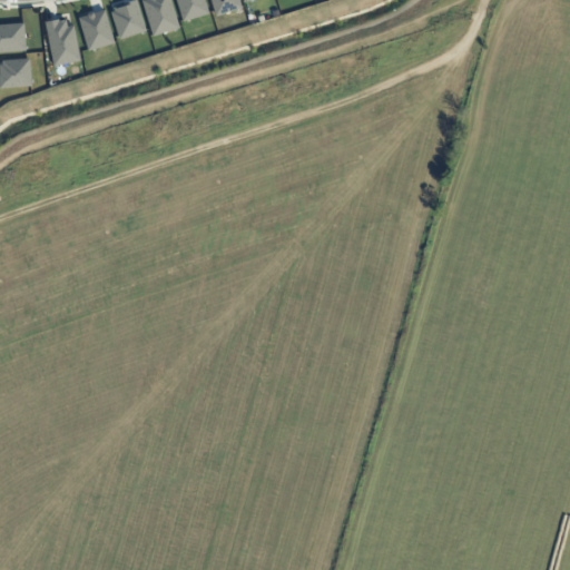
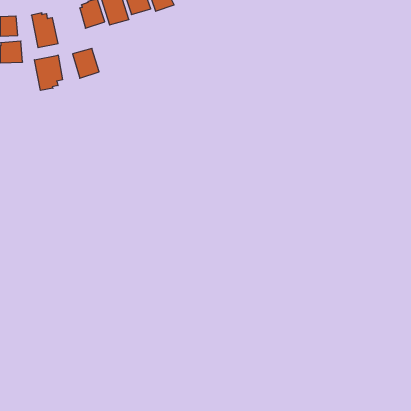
building: [78,9,115,50] -> [73,48,99,78]
building: none -> [34,55,62,90]

